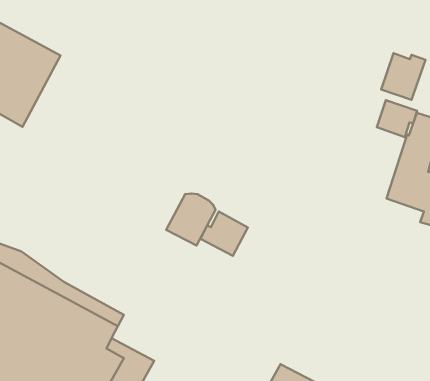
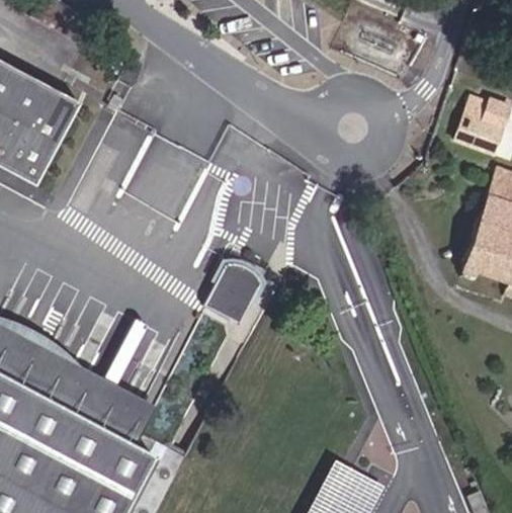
building: [377,100,417,137] -> none
building: [201,211,248,256] -> none

